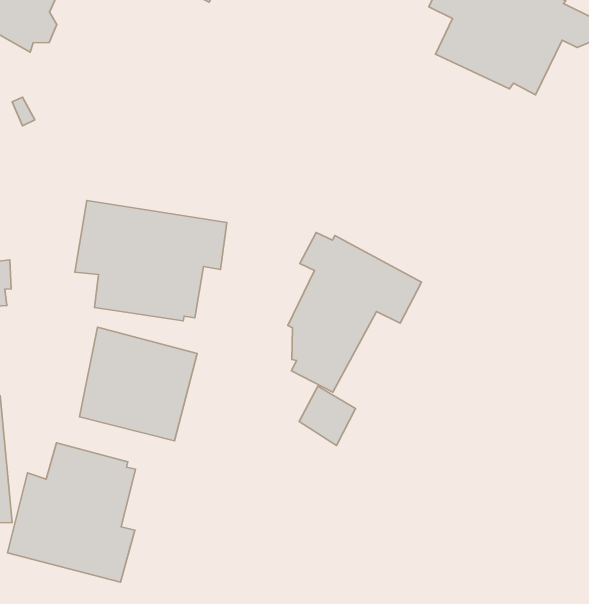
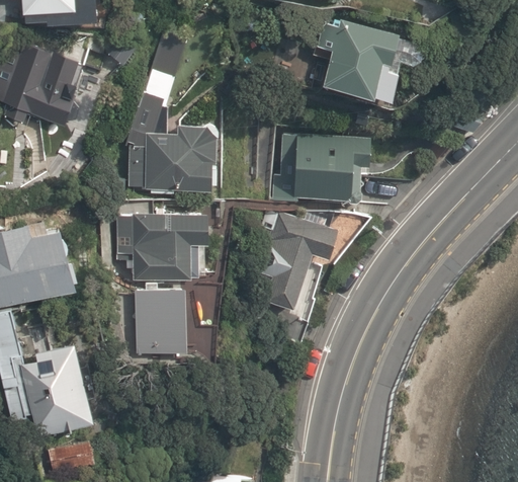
building: none -> [122,93,217,191]
building: none -> [271,135,369,203]
building: [8,443,135,582] -> none

